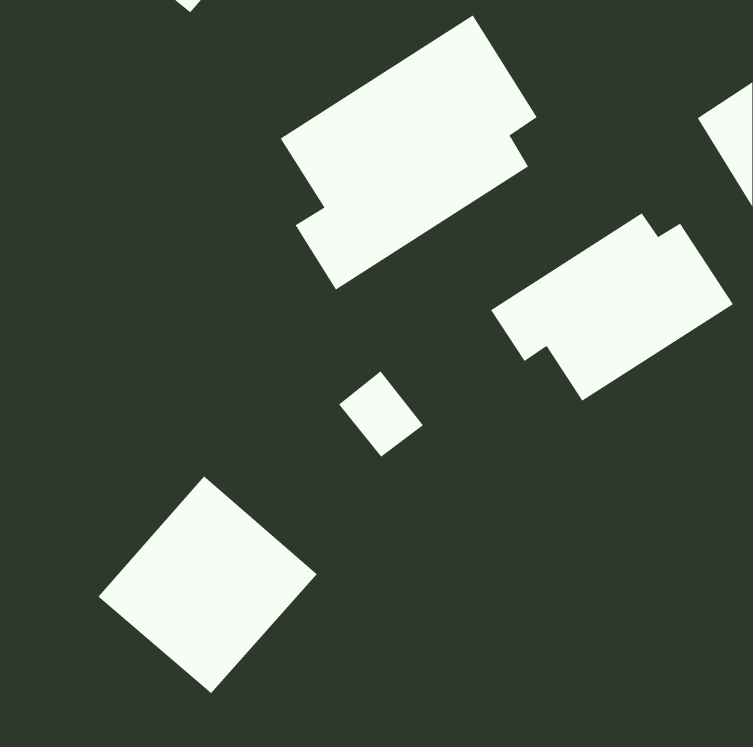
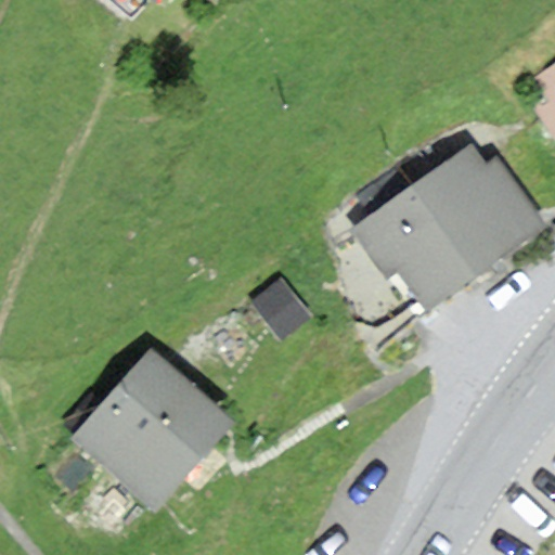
building: [280,14,537,290] -> none

